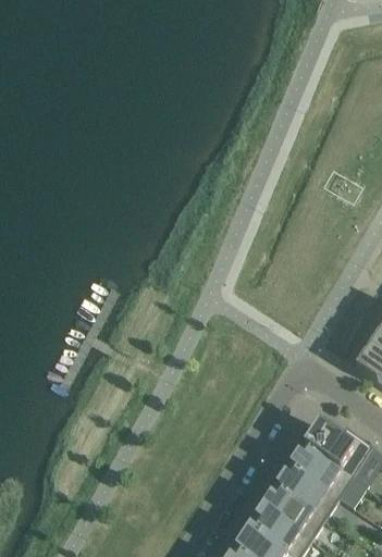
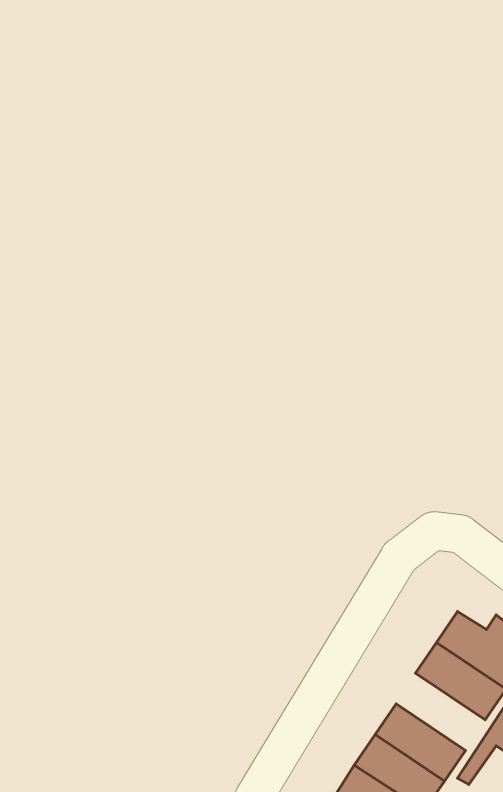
building: [274,463,334,516] -> none

